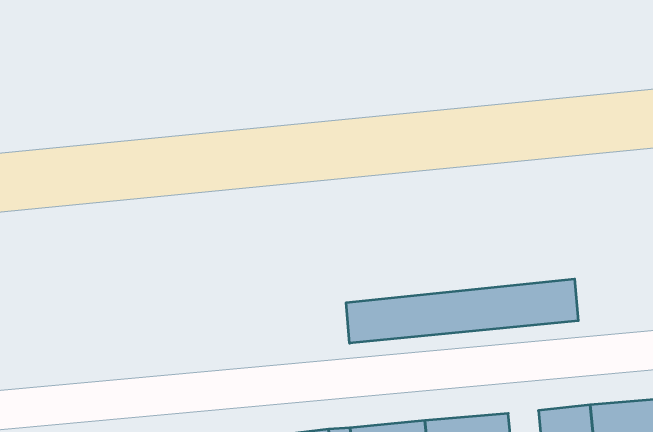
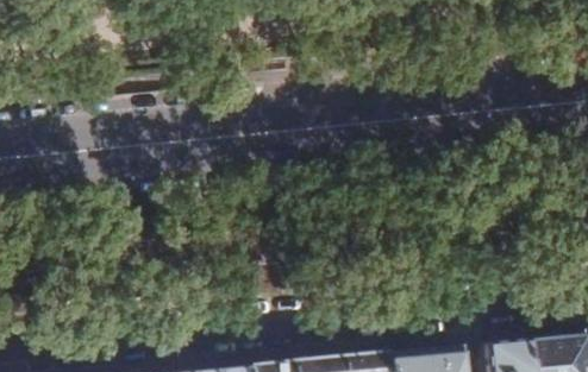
building: [346,279,578,343] -> none

